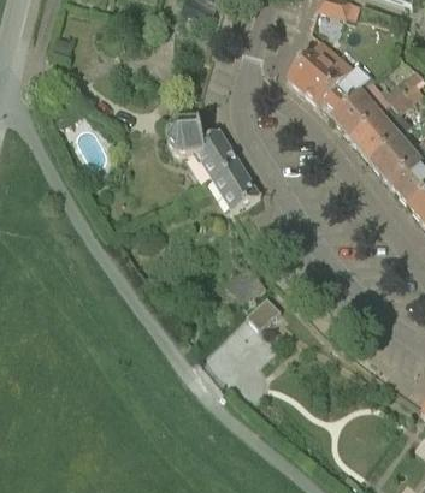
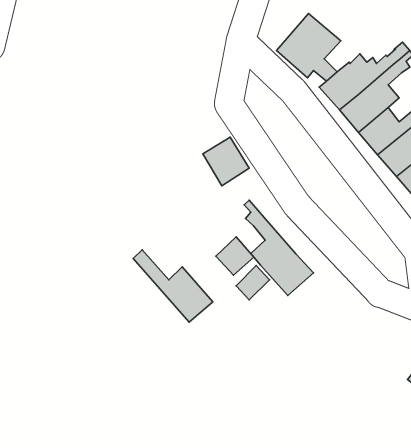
building: [167,120,241,180] -> none
building: none -> [244,200,313,296]
building: none -> [133,250,213,322]

